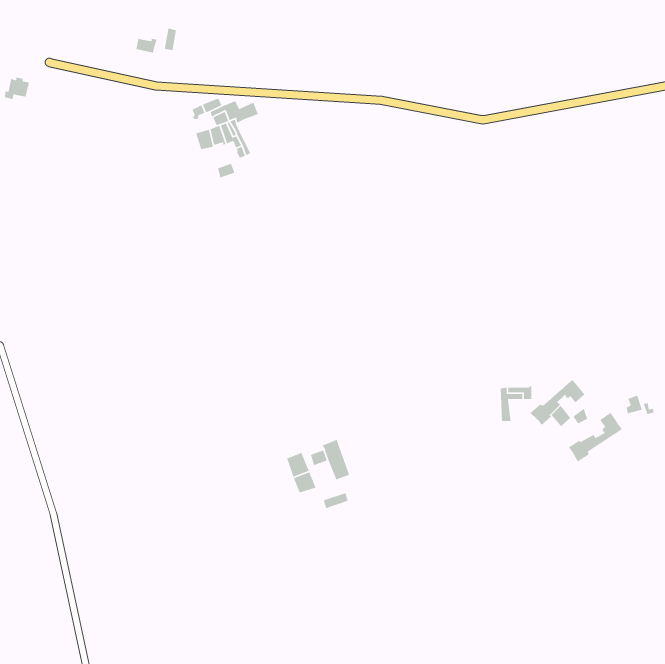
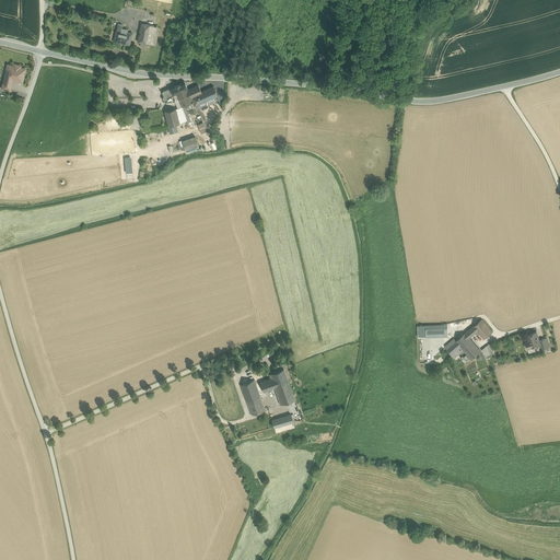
building: [568,412,623,463] -> none

